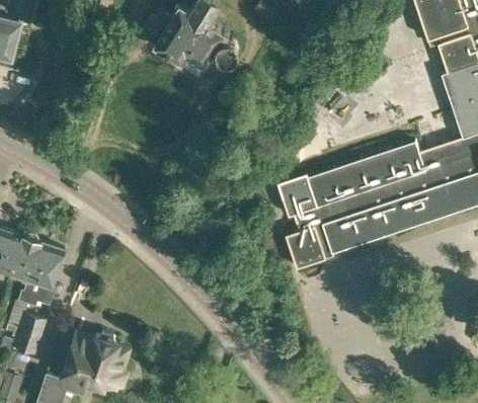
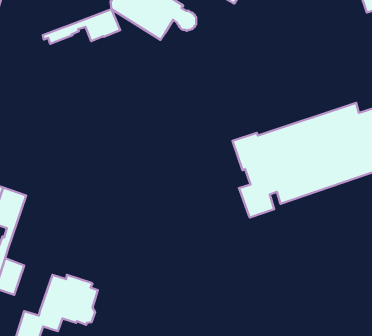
building: none -> [43,9,120,44]
building: [28,245,66,308] -> none

